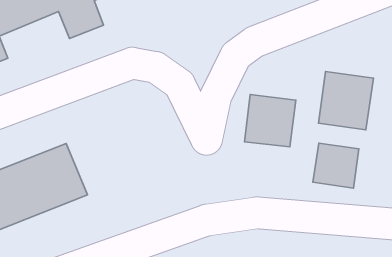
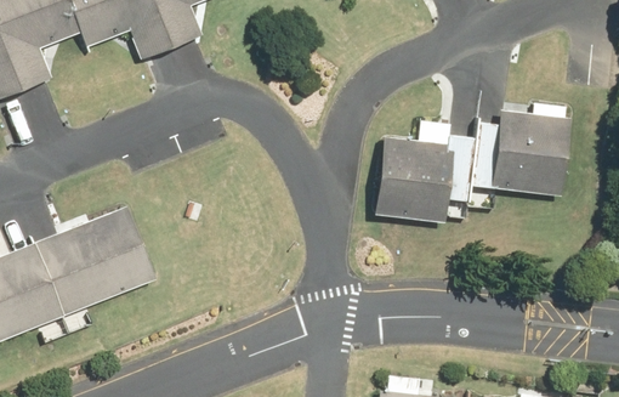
building: [313,143,359,188] -> none

